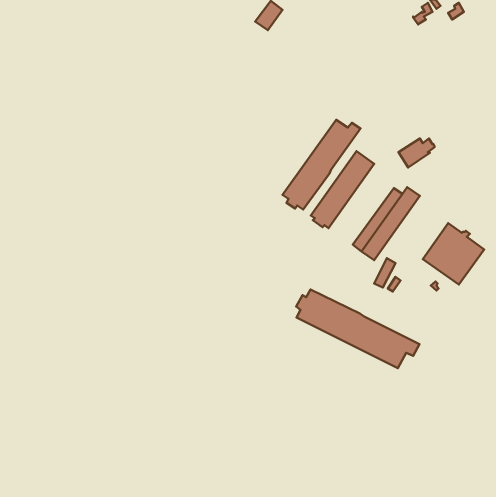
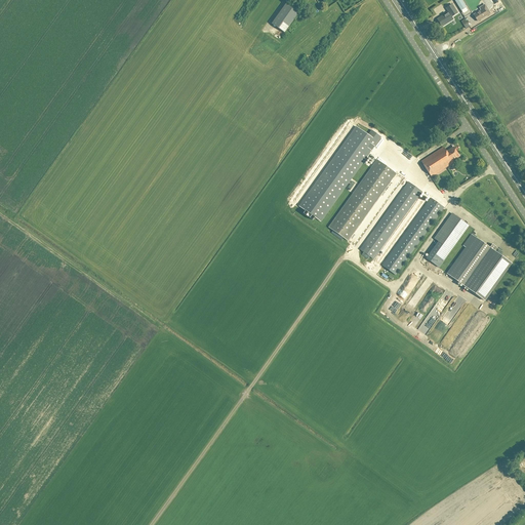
building: none -> [358,180,420,258]
building: none -> [431,212,468,251]
building: [296,289,419,368] -> none

